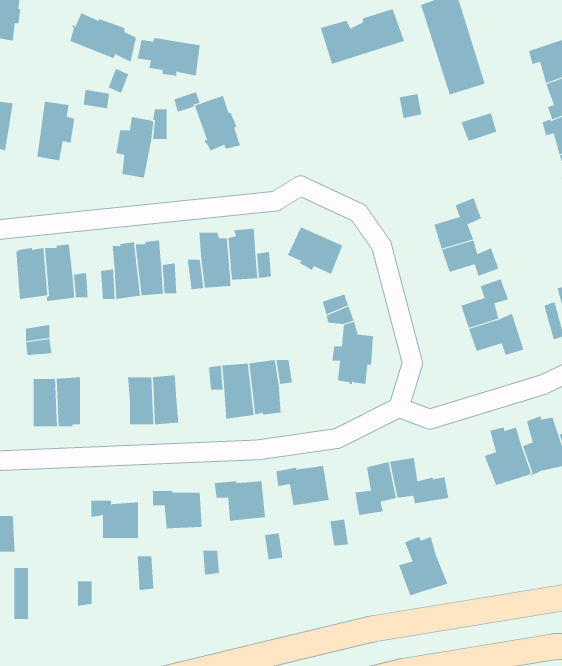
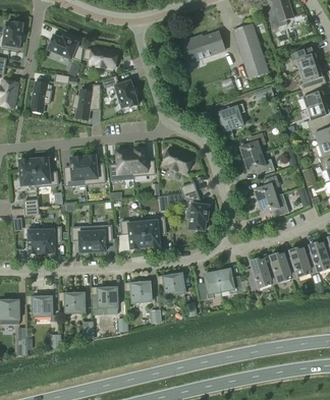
building: none -> [219,103,245,136]
building: none -> [26,295,52,316]
building: [398,536,448,596] -> [246,258,273,289]

